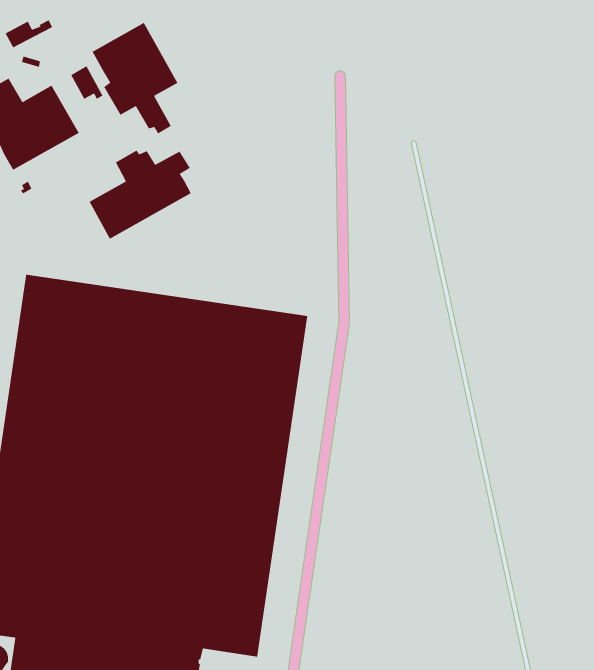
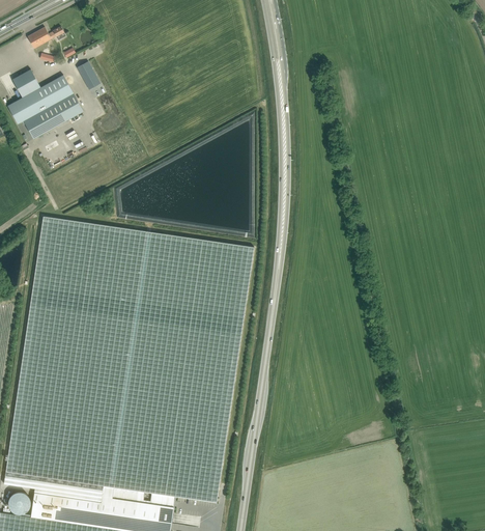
building: [91,22,179,135] -> none
building: [89,150,192,240] -> none

